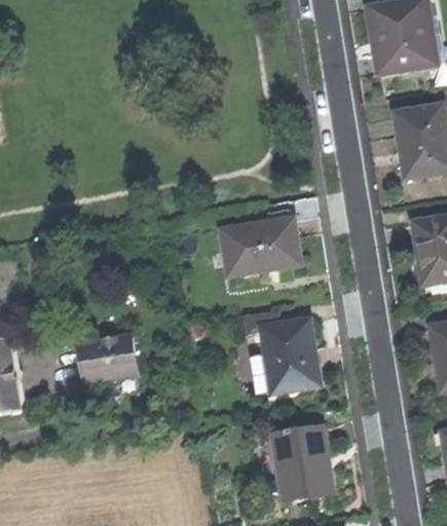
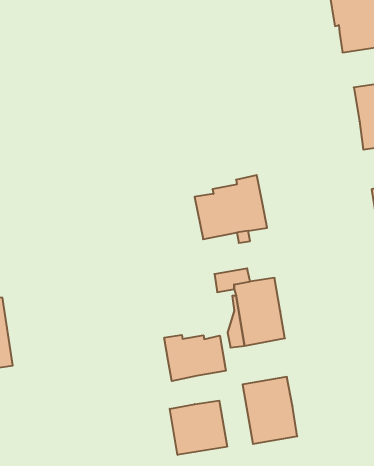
building: [77,335,141,385] -> none
building: none -> [164,335,226,381]
building: none -> [170,401,227,455]

